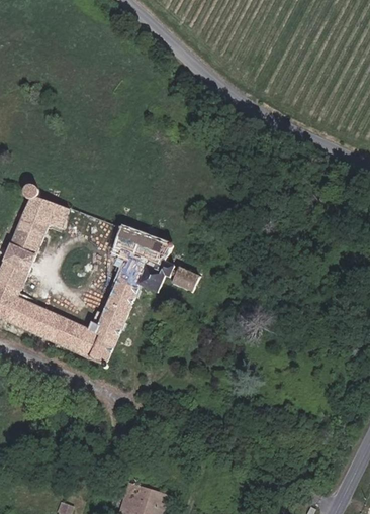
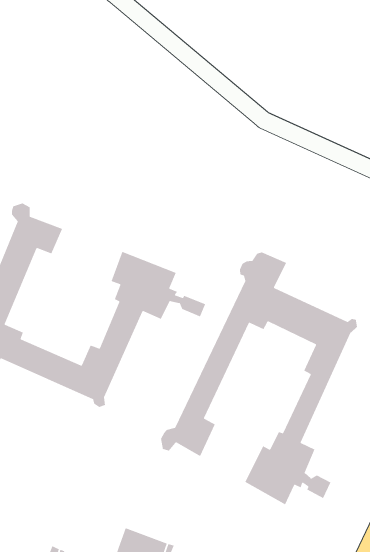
building: none -> [160,251,358,505]

